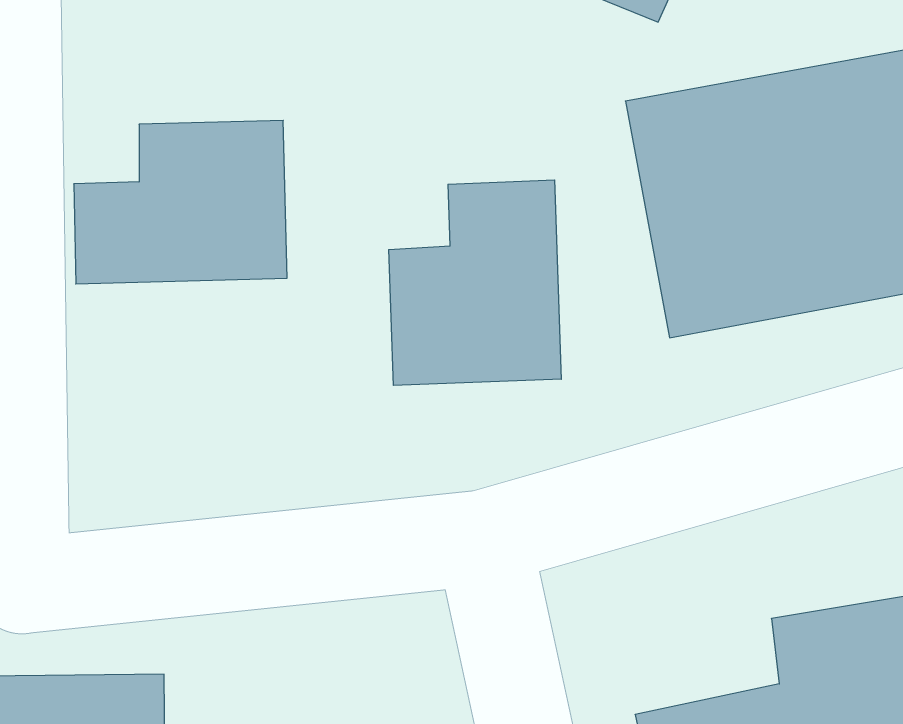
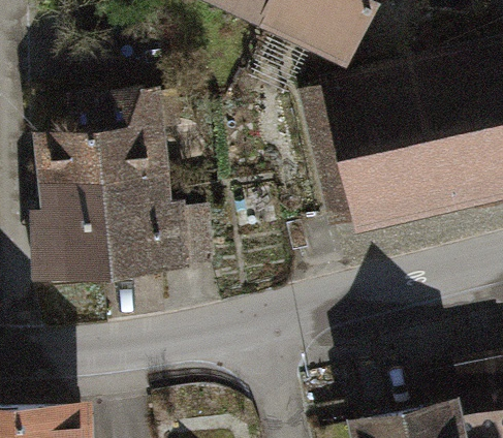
building: [389,180,561,385] -> none
building: none -> [46,192,200,284]

